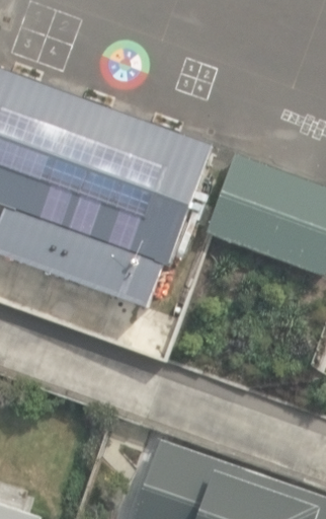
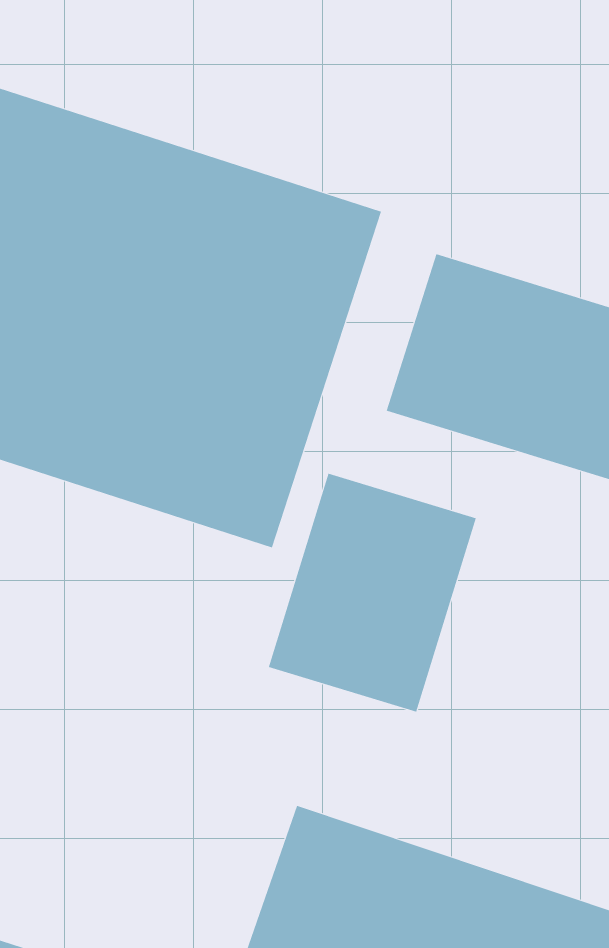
building: none -> [268,473,477,712]

